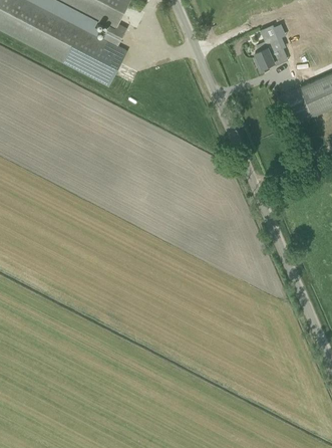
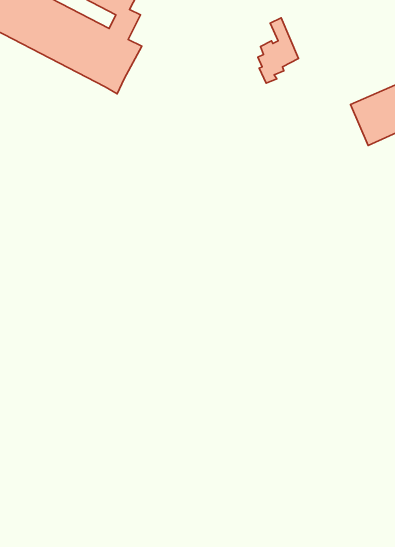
building: [257,21,287,69] -> [258,18,299,83]

